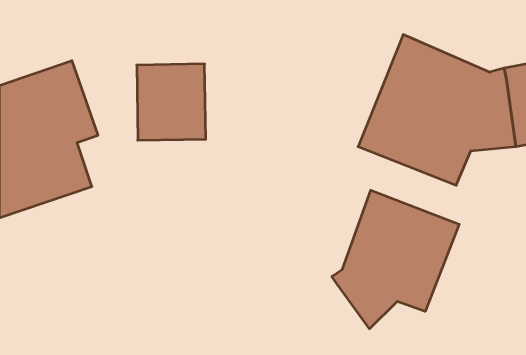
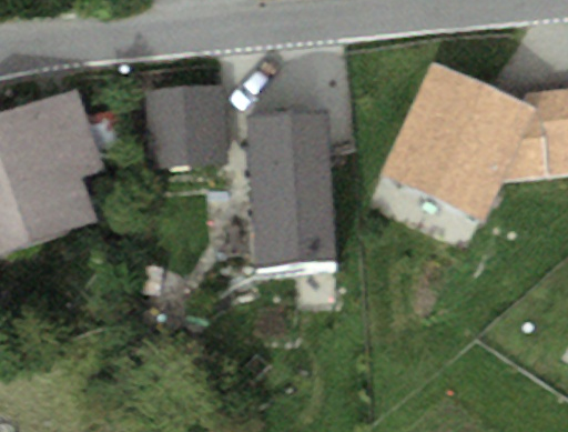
building: none -> [245,115,331,271]
building: [332,190,459,329] -> none

